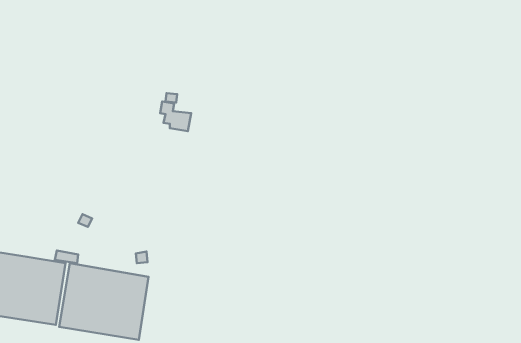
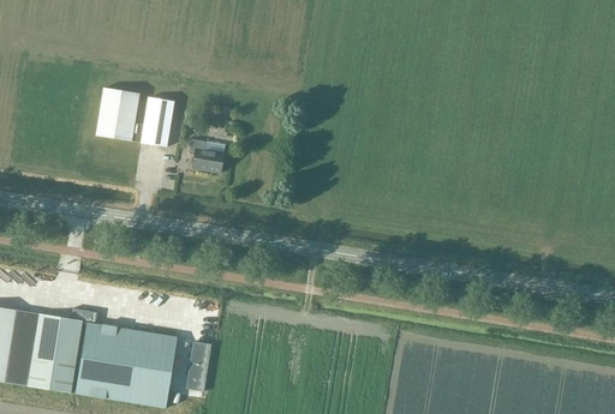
building: none -> [96,88,173,146]
building: none -> [185,341,210,391]

